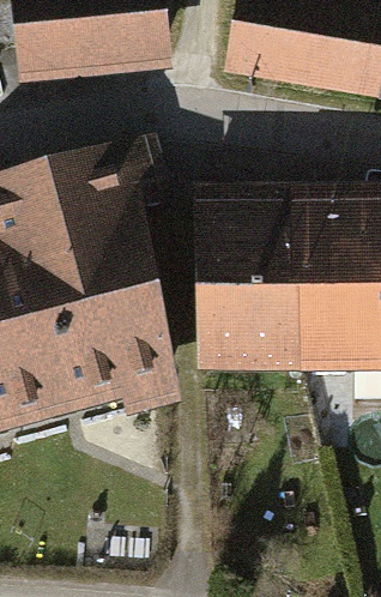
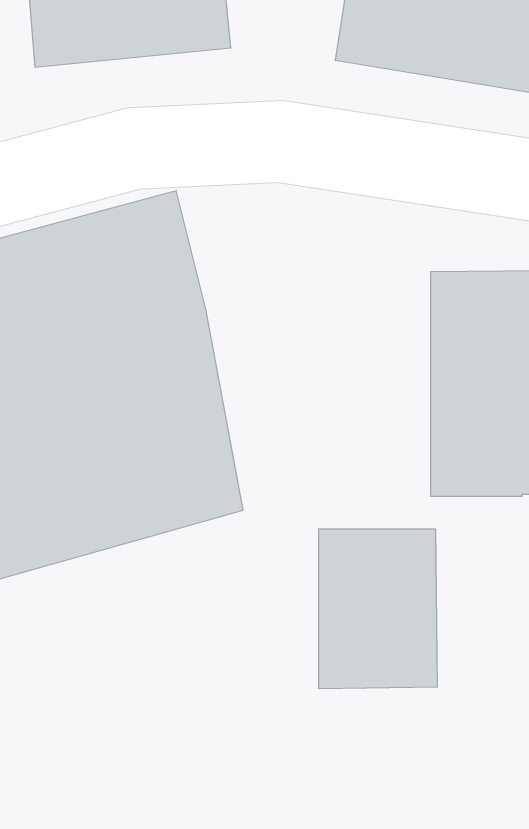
building: [202,211,297,364] -> none
building: none -> [319,529,437,689]

